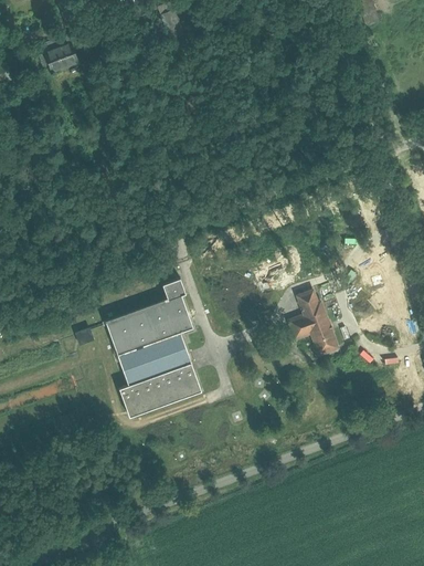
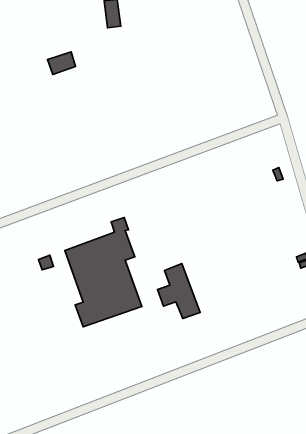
building: [45,45,81,74] -> [48,52,76,74]
building: [284,286,338,356] -> [158,263,200,318]

